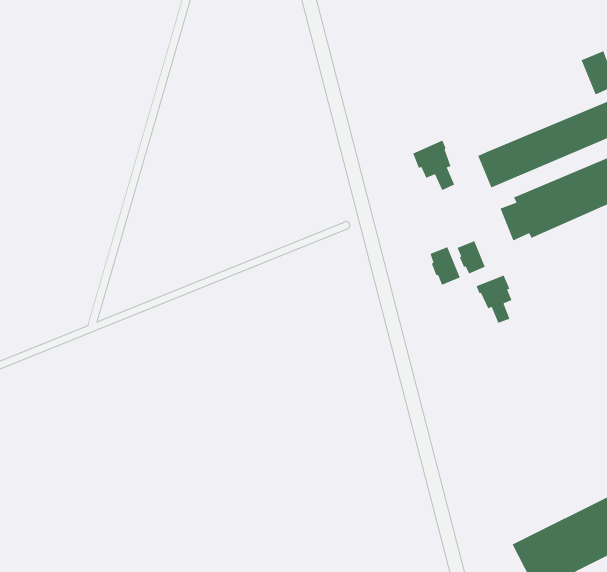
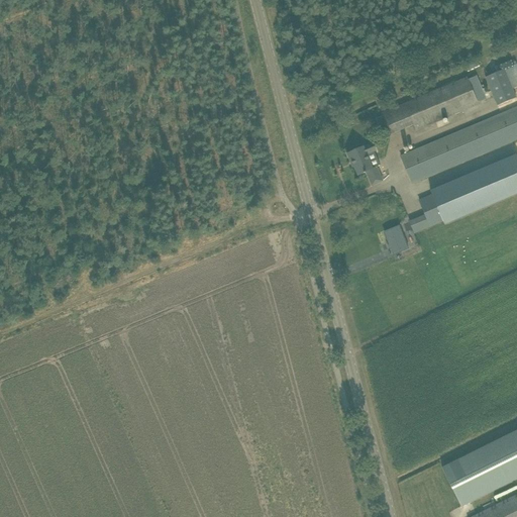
building: none -> [384,75,487,132]
building: [429,246,461,286] -> none
building: [476,275,512,324] -> none

